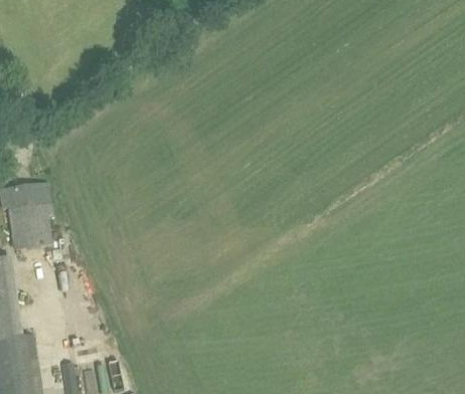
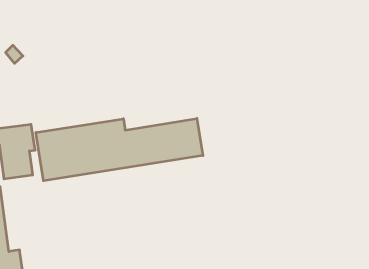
building: none -> [36,118,203,181]

